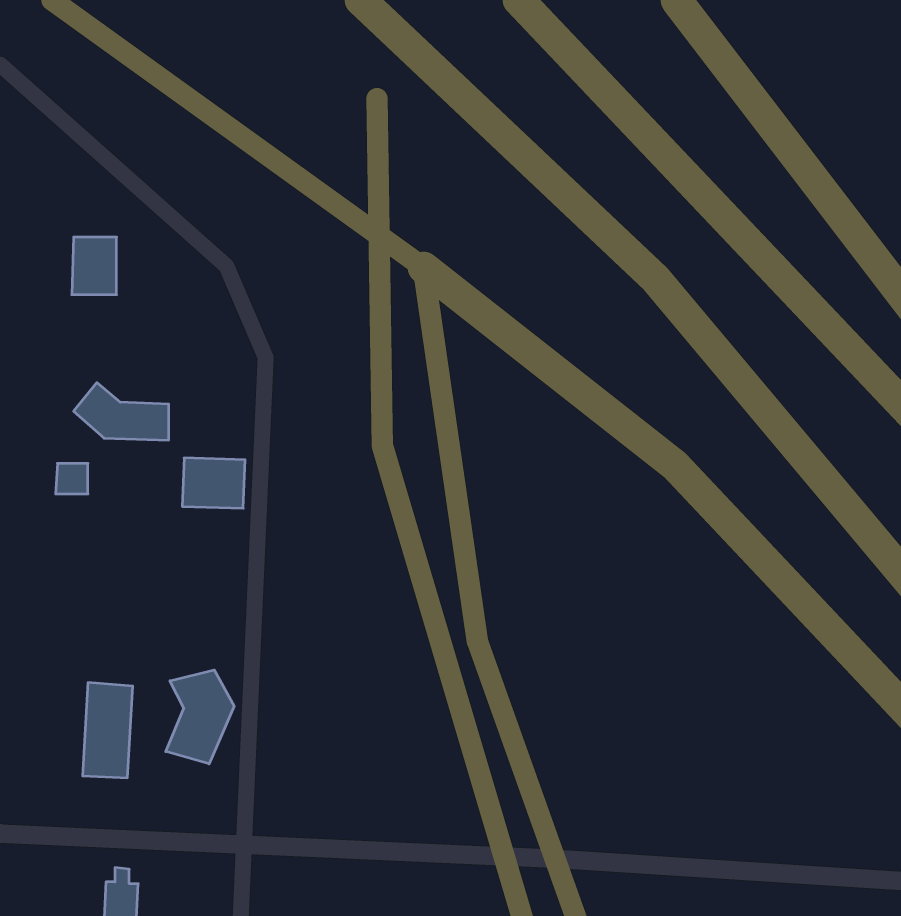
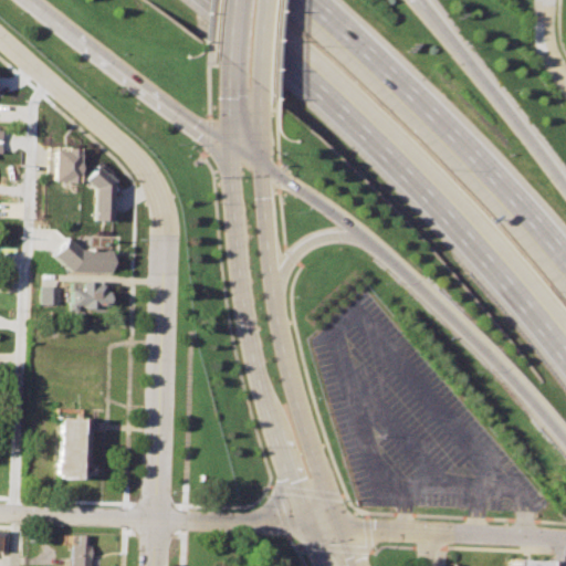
building: none -> [90,166,118,220]
building: [182,458,245,508] -> [75,283,114,314]
building: [166,670,234,764] -> none

